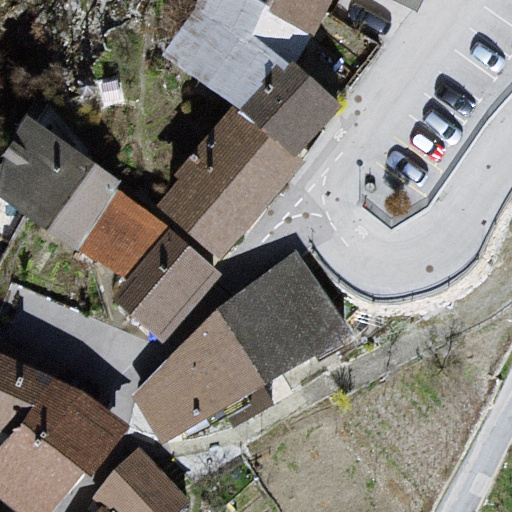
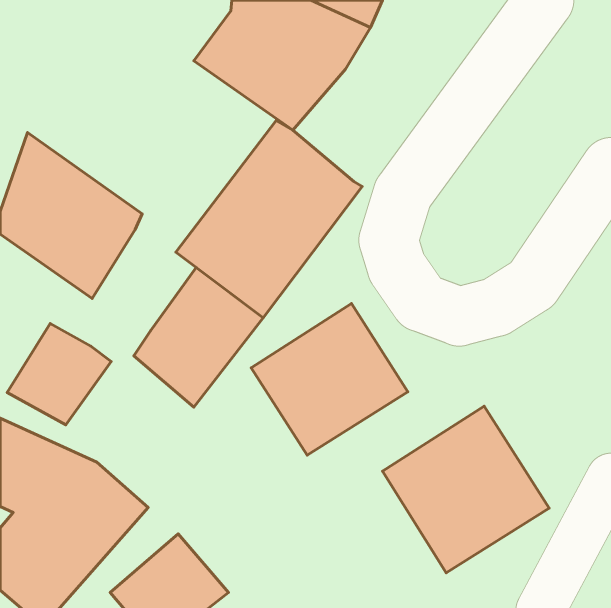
building: [245,60,340,154] -> none
building: [77,194,164,279] -> [7,323,111,425]
building: [135,310,257,444] -> none
building: none -> [383,406,549,573]

